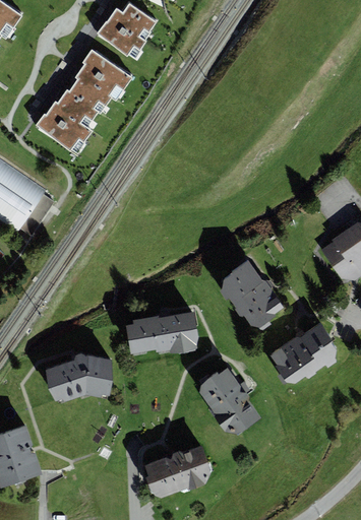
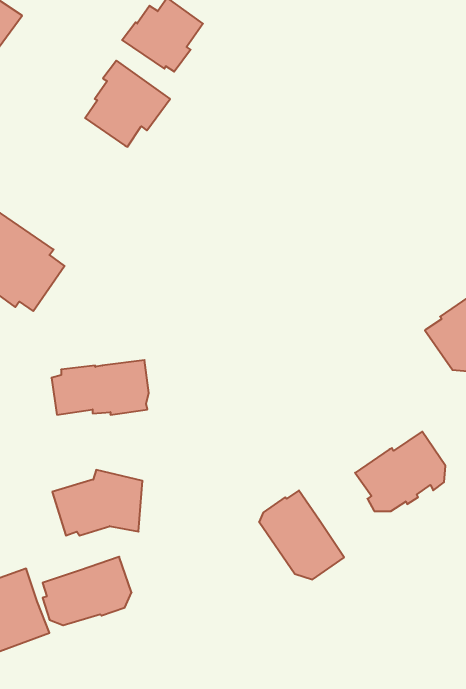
building: [35,88,98,153] -> none
building: [222,260,284,326] -> none
building: [125,311,197,351] -> [51,360,149,415]
building: [144,445,210,496] -> [43,557,132,625]

